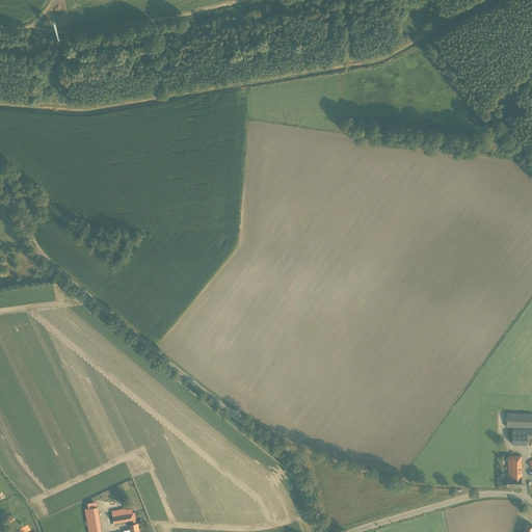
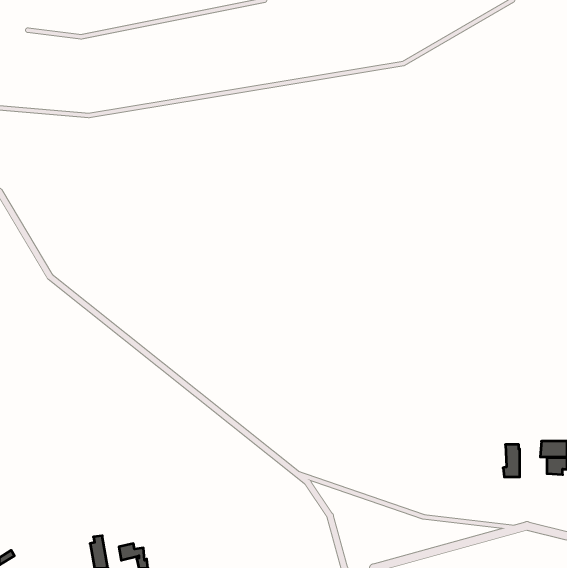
building: [505,456,521,486] -> [503,445,520,477]

